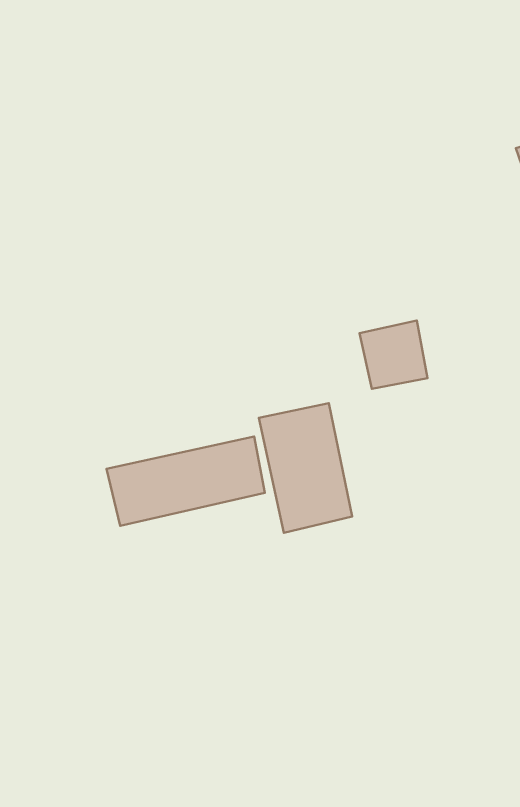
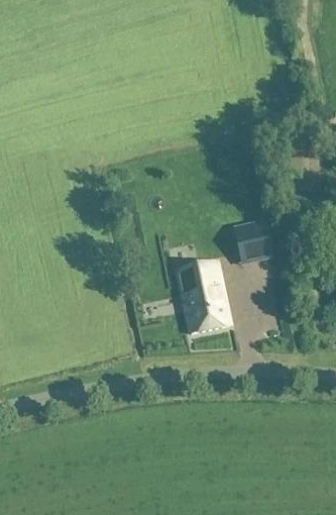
building: [106,437,265,526] -> none

